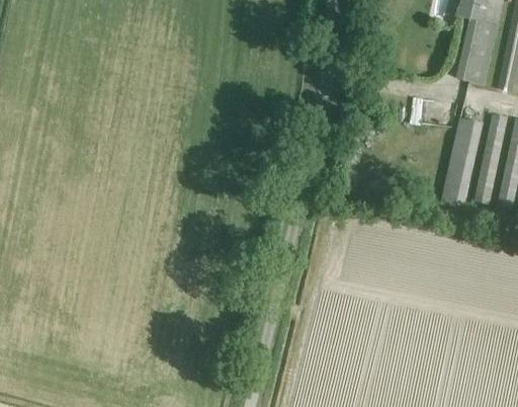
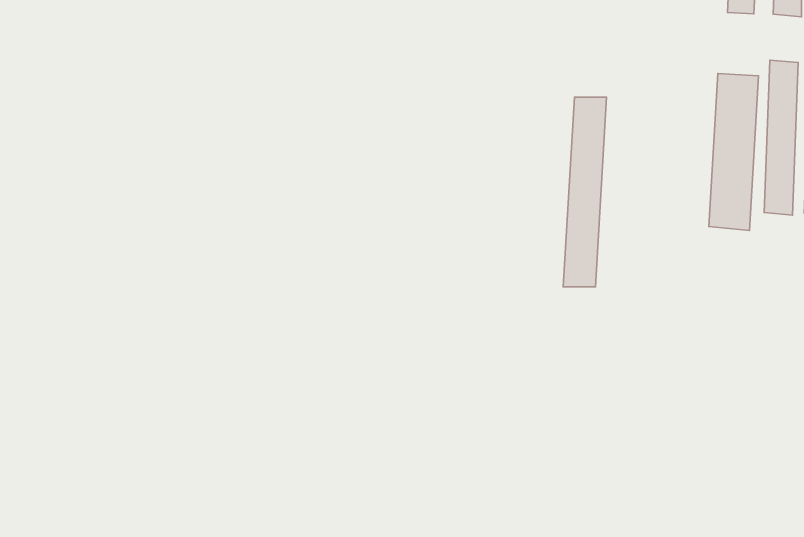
building: none -> [563,97,607,287]

